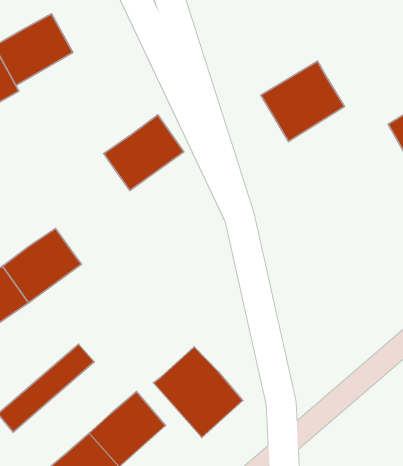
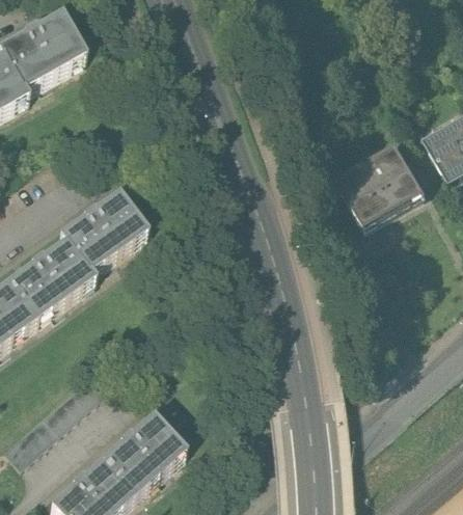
building: [261,61,345,141] -> [335,142,426,228]
building: [104,115,184,190] -> [58,197,144,278]
building: [154,347,243,438] -> none

